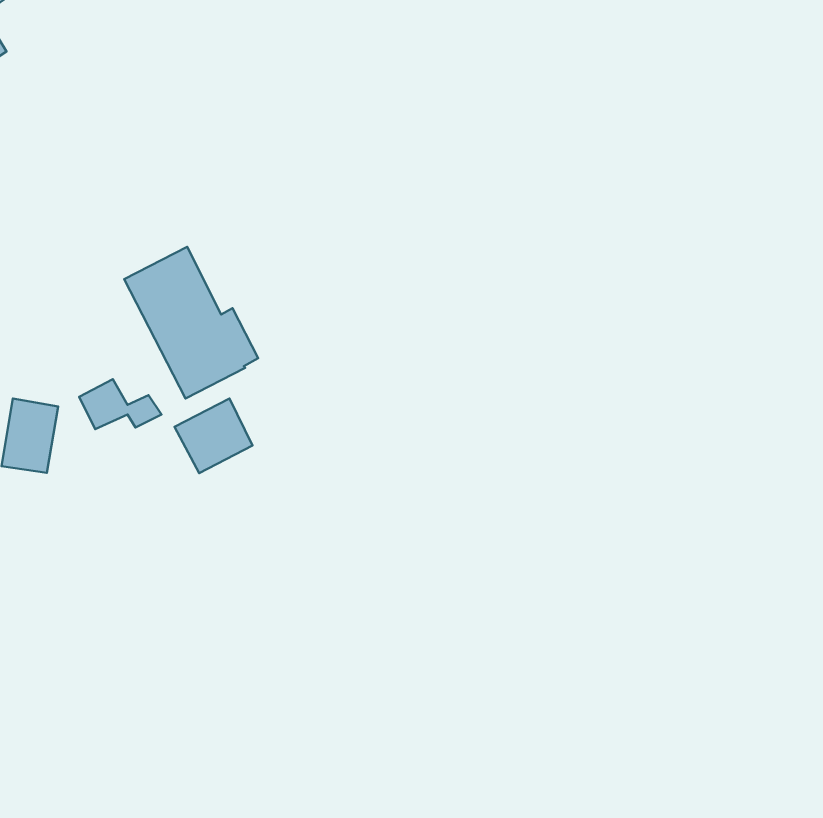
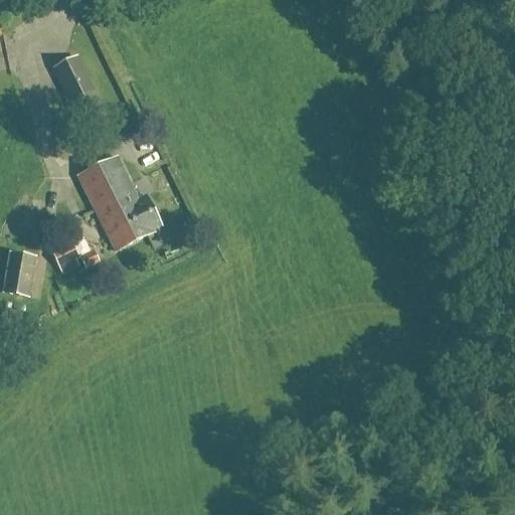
building: none -> [54,54,105,124]
building: [175,399,252,473] -> none

